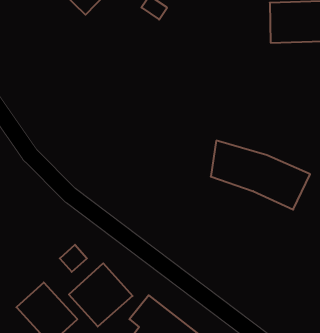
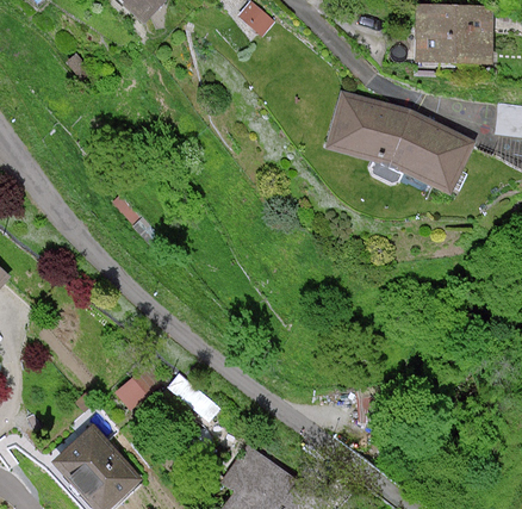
building: [211,141,310,210] -> [335,92,483,194]
building: [69,263,133,327] -> none

